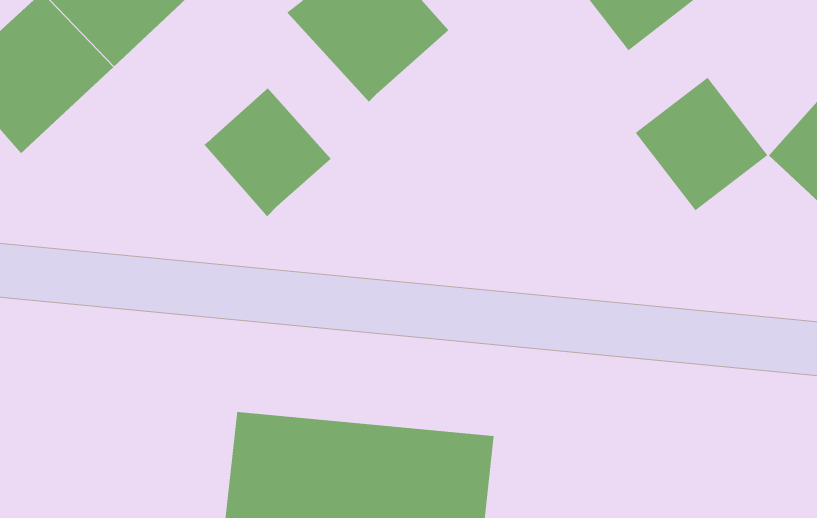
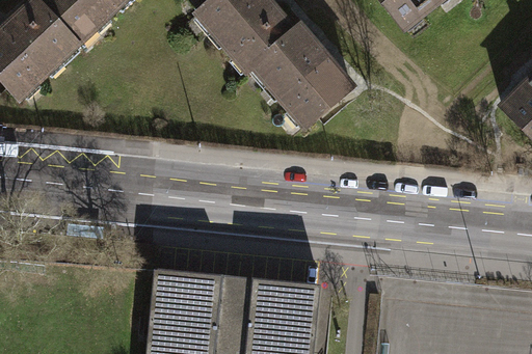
building: none -> [246,18,357,130]
building: [635,77,768,211] -> none
building: [204,88,332,217] -> none

